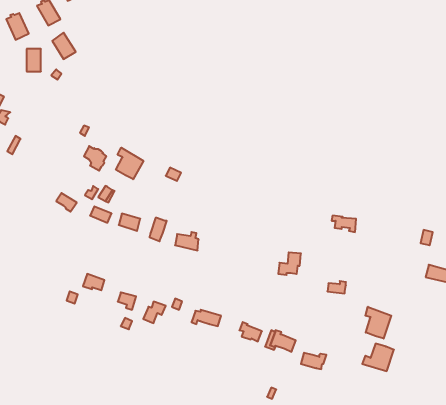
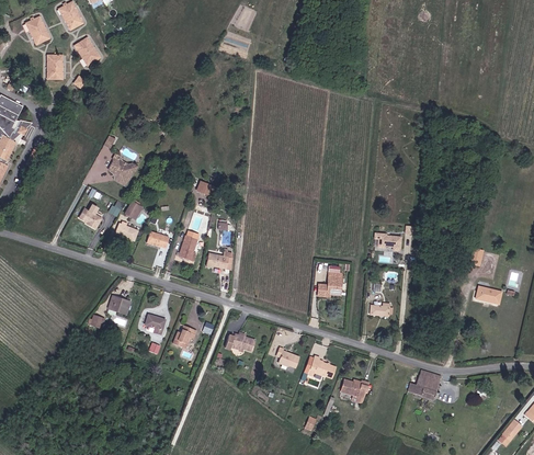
building: [116,148,143,179] -> none
building: [365,307,391,339] -> none

